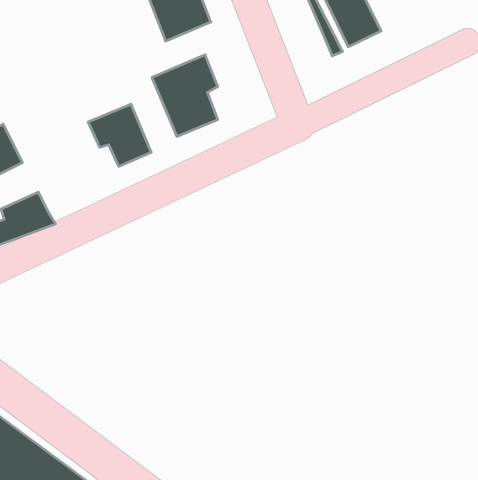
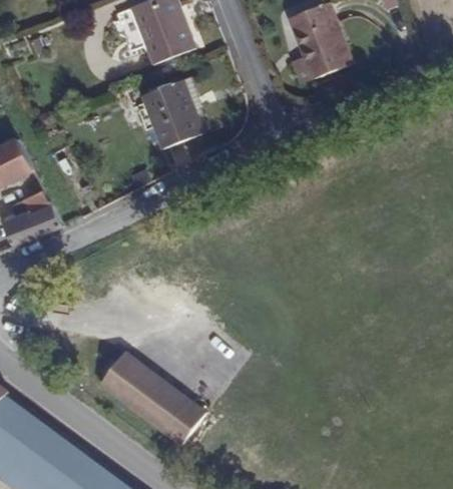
building: [88,104,151,166] -> none
building: none -> [89,355,193,448]

